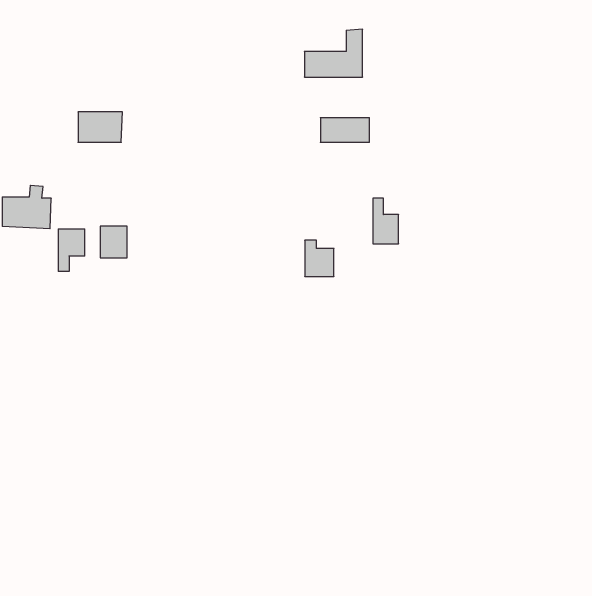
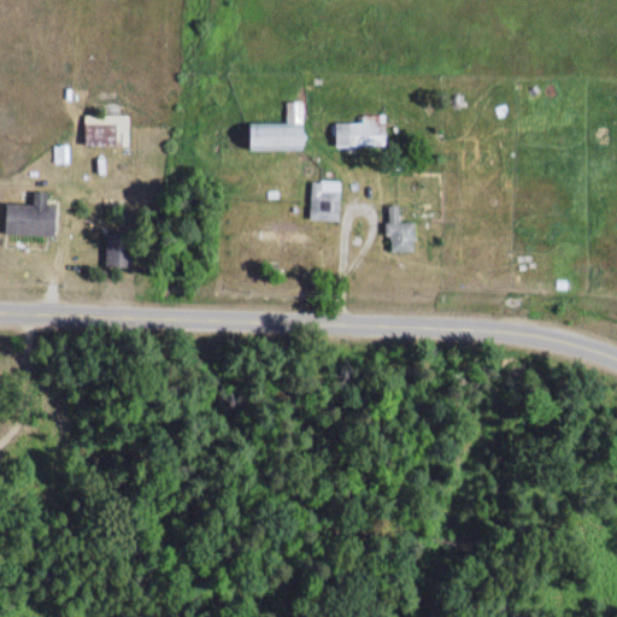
building: [304,29,363,77] -> [245,101,305,151]
building: [58,229,85,271] -> none
building: [305,240,334,276] -> [311,183,341,221]

